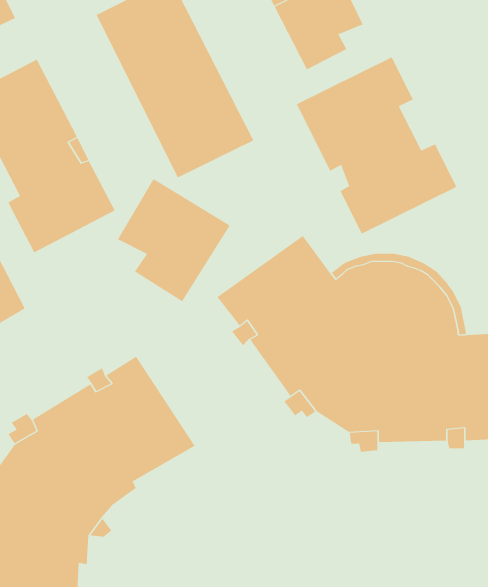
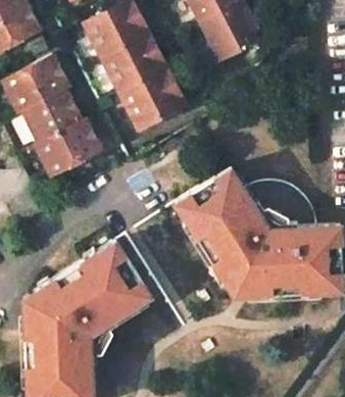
building: [296,56,457,234] -> none
building: [117,178,230,302] -> none

